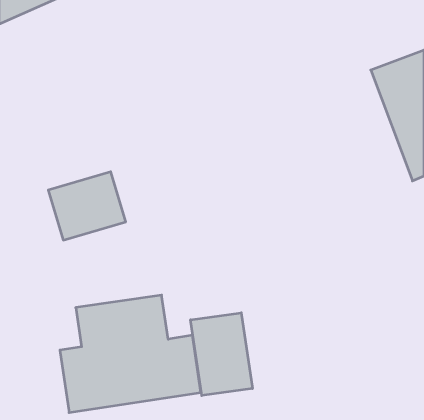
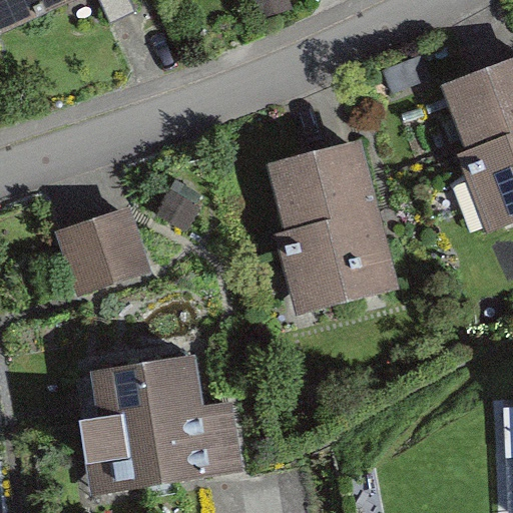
building: none -> [272,143,392,302]
building: [191,313,252,396] -> none

